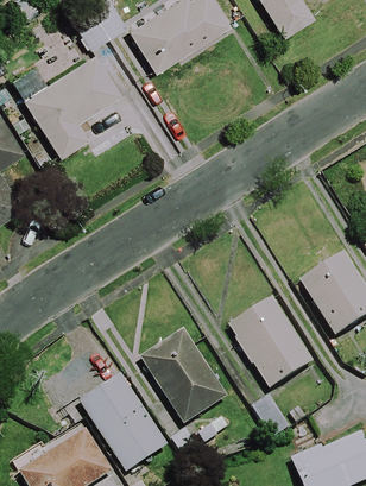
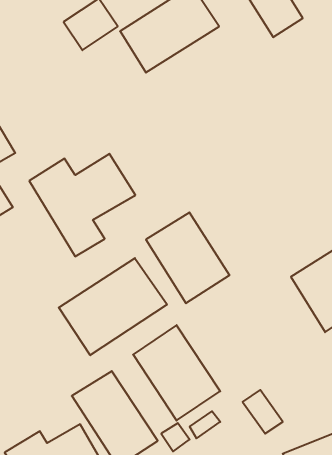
building: [13,57,120,160] -> [29,154,135,256]
building: none -> [59,258,167,355]
building: [229,298,314,390] -> [146,212,230,303]

